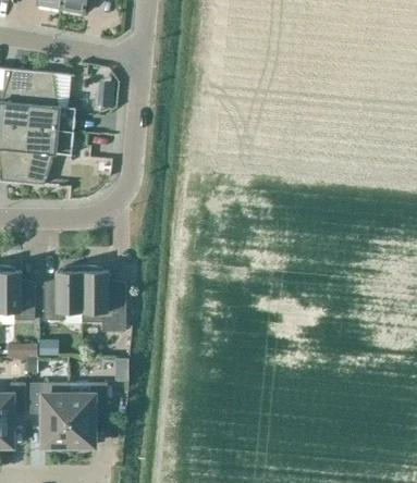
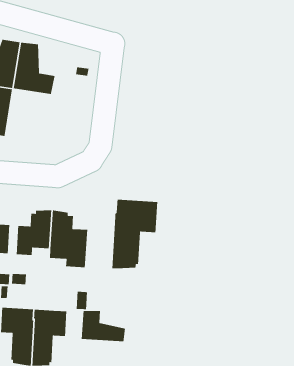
building: [21,127,72,186] -> none
building: none -> [111,199,158,269]
building: none -> [81,310,126,342]

